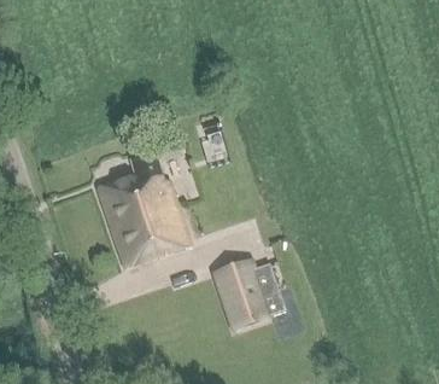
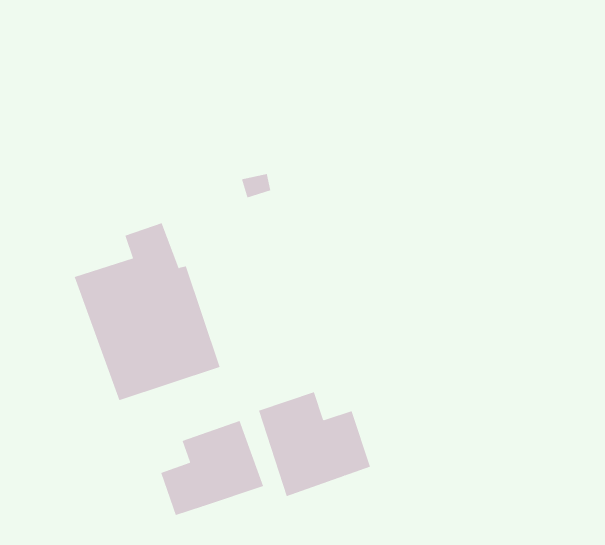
building: none -> [160,420,264,516]

